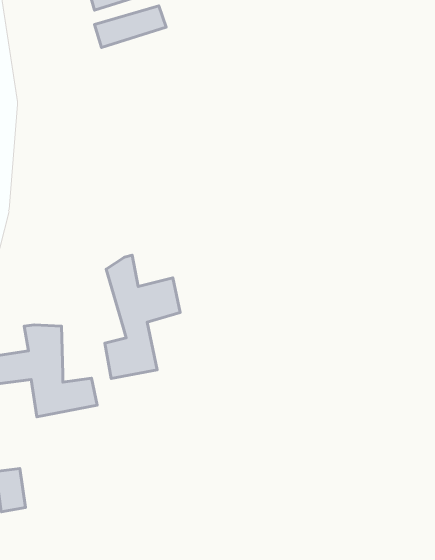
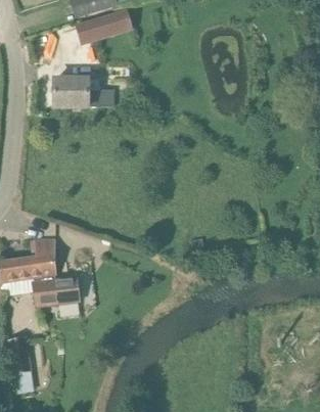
building: none -> [53,79,115,107]
building: [105,255,180,379] -> none

